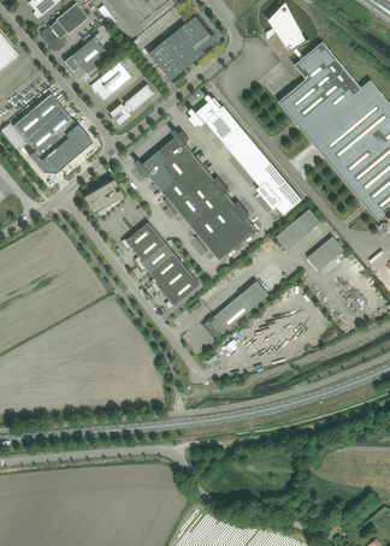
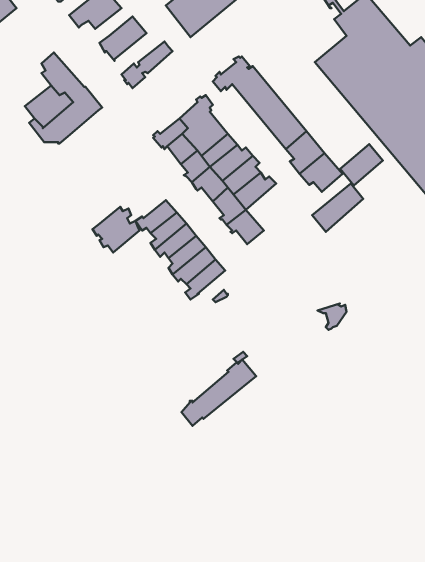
building: [13,103,48,141] -> none
building: [83,178,124,218] -> [93,207,139,253]
building: [218,208,256,249] -> none
building: [307,236,344,272] -> [340,144,383,185]
building: [203,280,268,338] -> [181,360,256,426]

